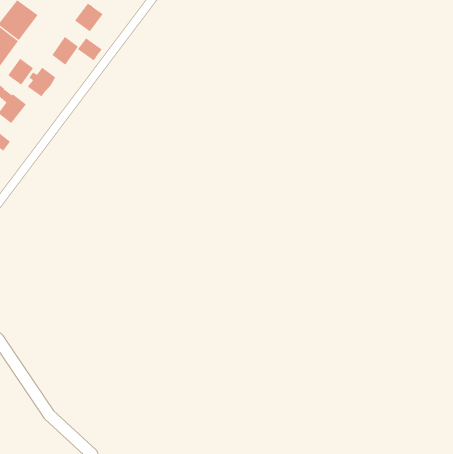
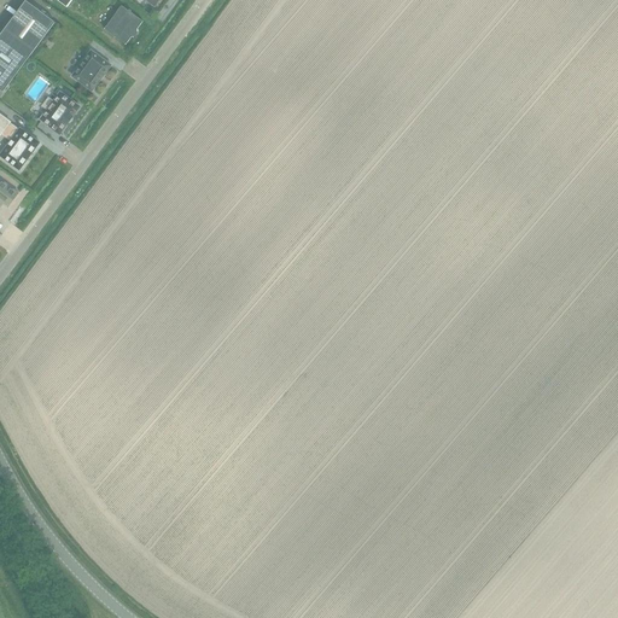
building: [77,37,102,61] -> none
building: [8,58,34,86] -> none

